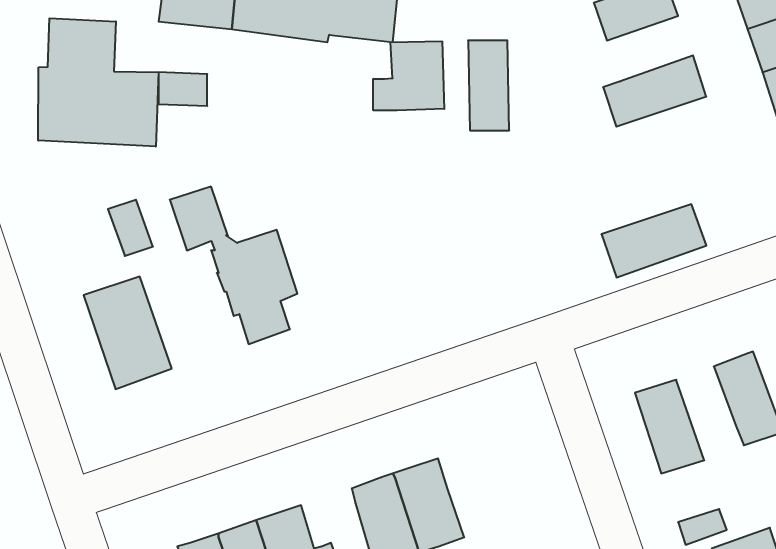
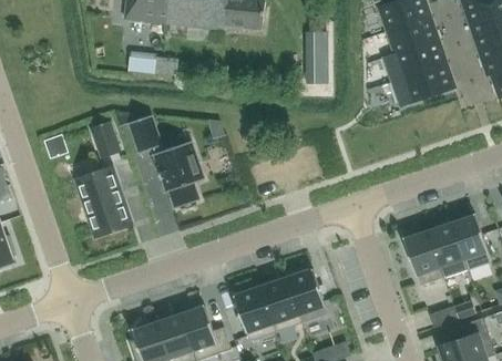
building: none -> [387,16,438,54]
building: [38,18,159,147] -> none
building: [373,41,444,110] -> none
building: [601,204,706,277] -> [392,63,454,106]
building: none -> [428,223,468,278]
building: none -> [287,268,328,323]

